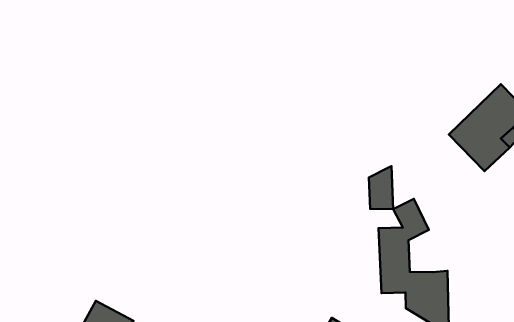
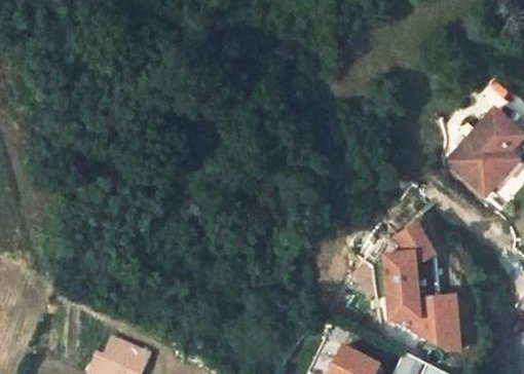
building: [369,166,393,209] -> [413,253,439,296]

